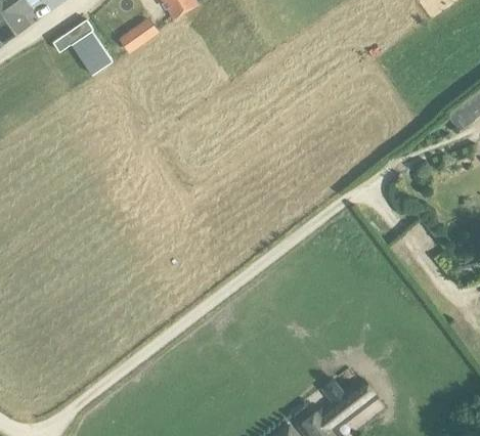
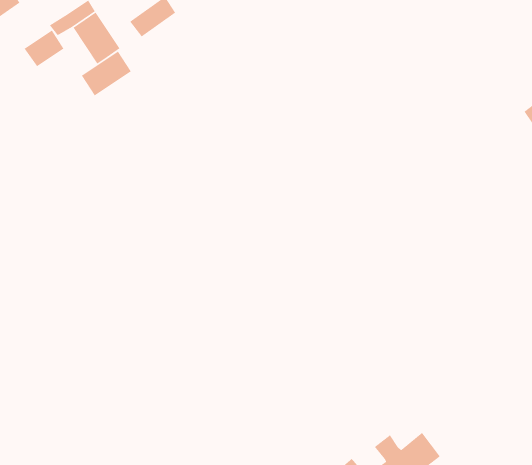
building: none -> [23,29,64,67]
building: none -> [81,51,132,97]

